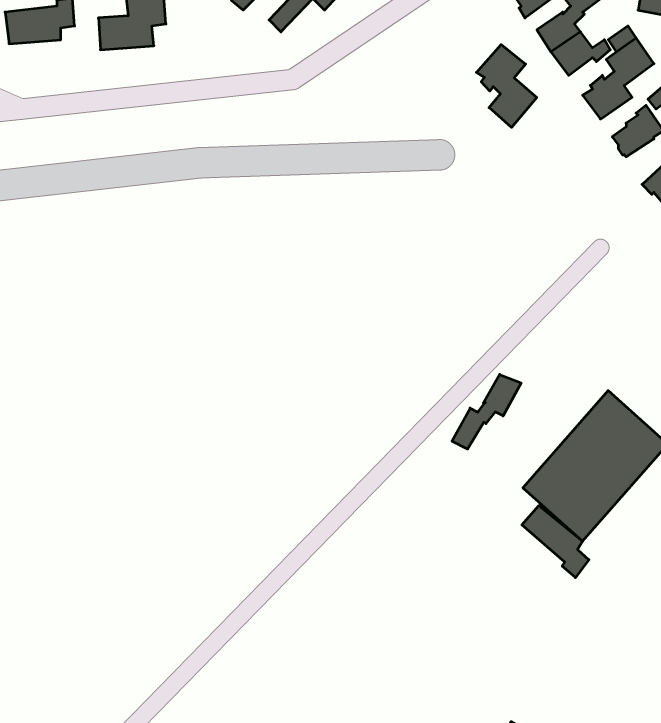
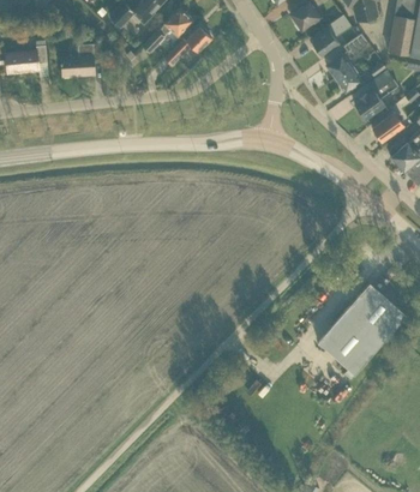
building: [476,45,537,127] -> none
building: [452,374,521,449] -> none
building: [522,506,589,578] -> none

